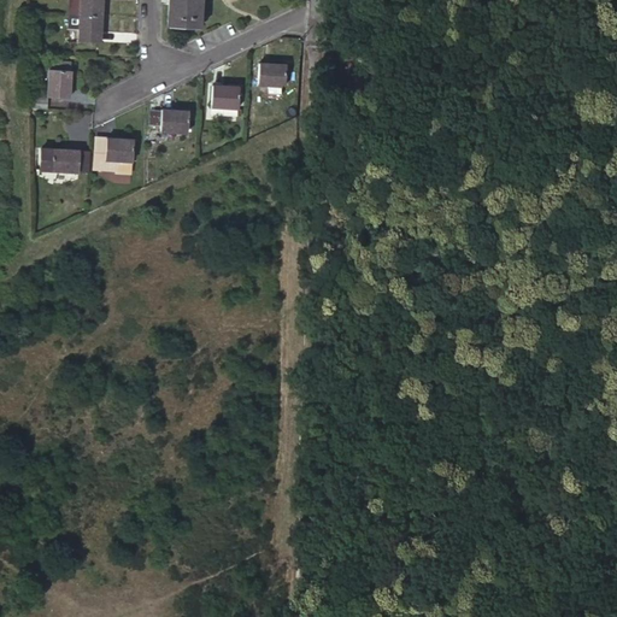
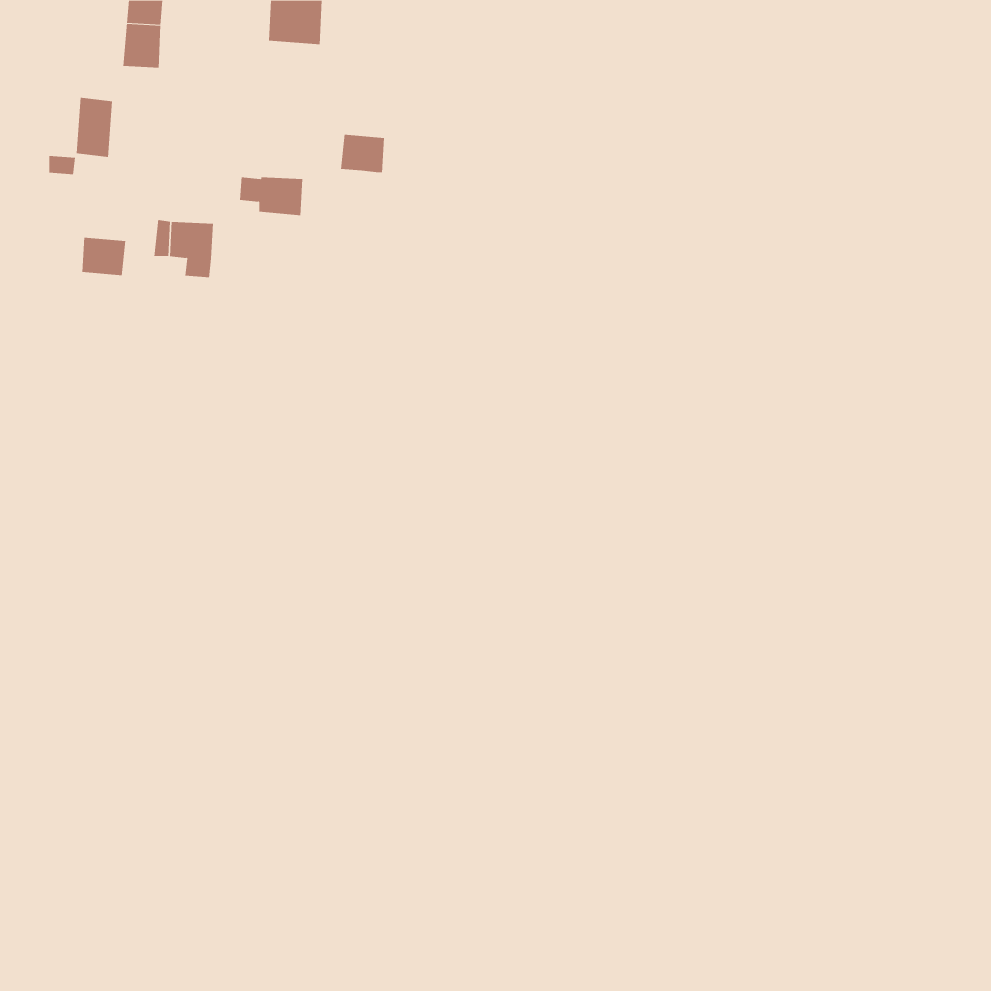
building: [259,63,288,88] -> none

